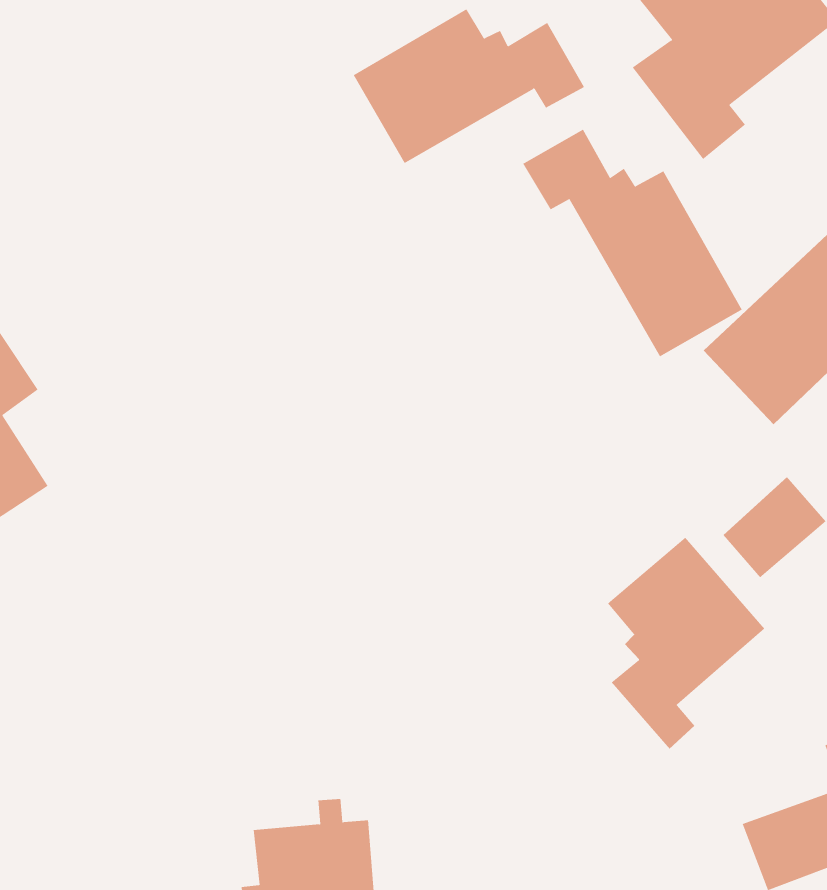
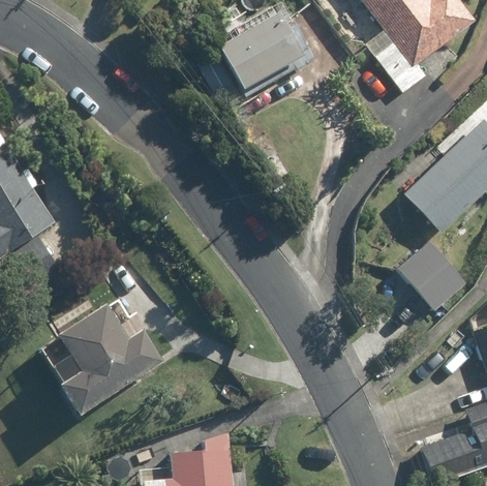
building: [523,129,742,357] -> none
building: [607,537,765,749] -> none
building: none -> [51,298,161,412]

